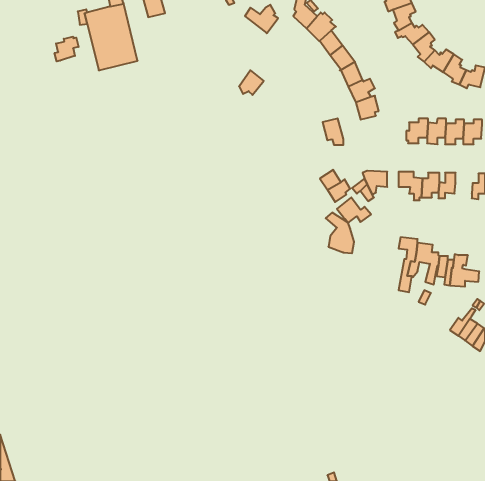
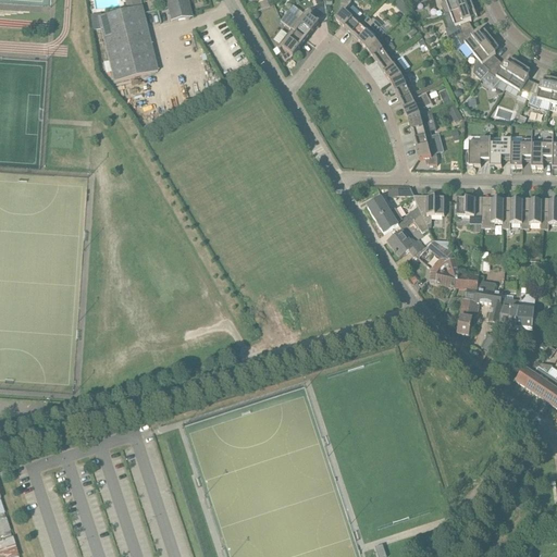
building: [55,37,79,61] -> none
building: [239,70,264,95] -> [277,26,306,54]
building: [323,118,343,145] -> [413,133,437,163]
building: none -> [521,199,542,227]
building: [326,213,354,253] -> [426,238,459,285]

